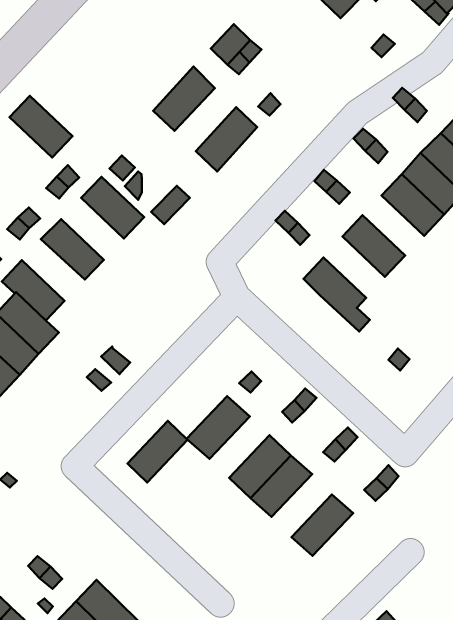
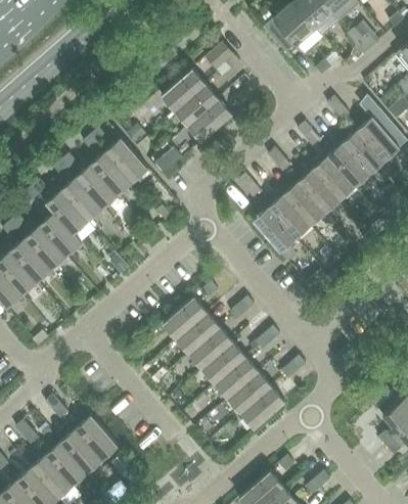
building: none -> [175,85,219,127]
building: [10,96,72,158] -> [91,151,133,195]
building: none -> [299,170,339,213]
building: none -> [269,195,310,239]
building: none -> [61,177,103,221]
building: [128,421,188,482] -> [177,313,220,354]
building: none -> [216,357,259,399]
building: none -> [241,386,285,428]

